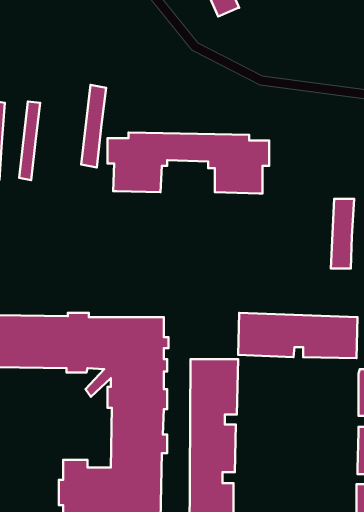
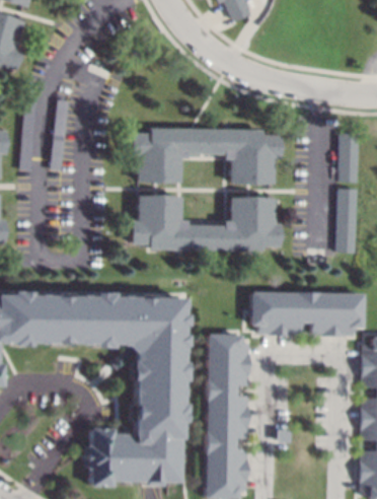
building: [81,85,106,167] -> none
building: none -> [340,132,360,182]
building: none -> [132,195,280,251]

